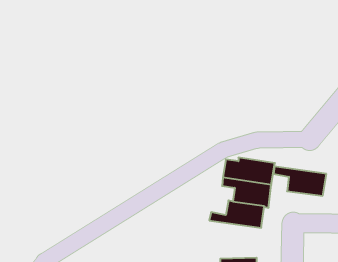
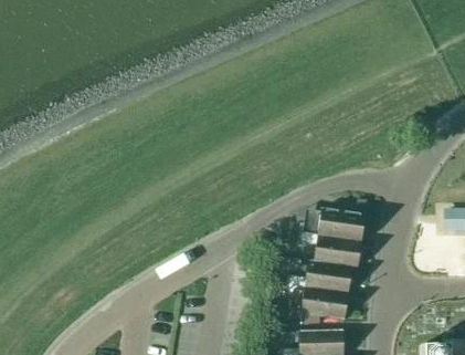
building: [273,167,326,196] -> [285,284,349,320]

